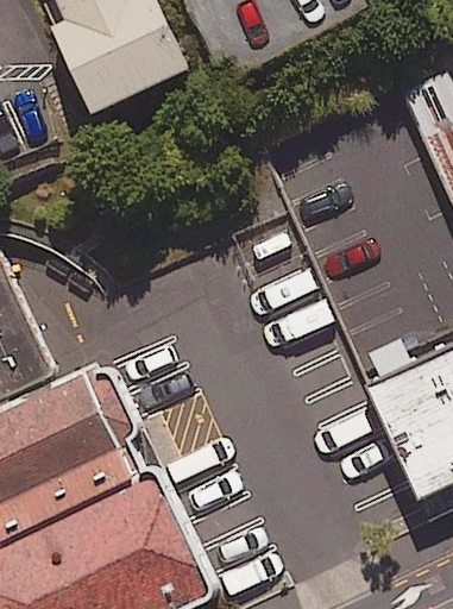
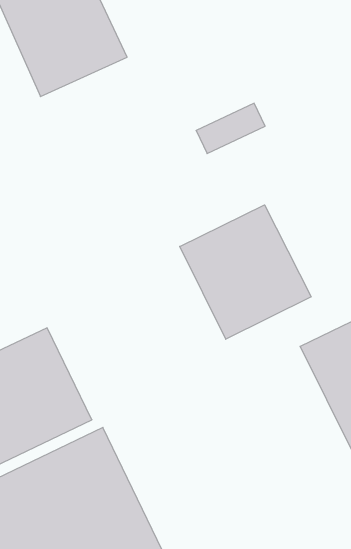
building: none -> [180,205,311,339]

